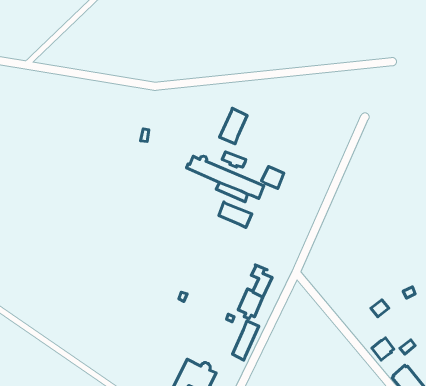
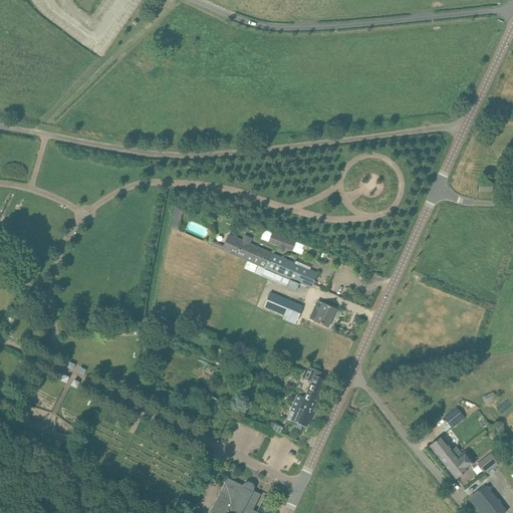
building: [220,108,247,144] -> none
building: [262,166,284,188] -> [309,300,335,326]
building: [232,321,259,360] -> none
building: none -> [430,436,461,464]

